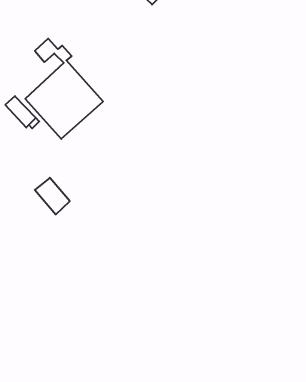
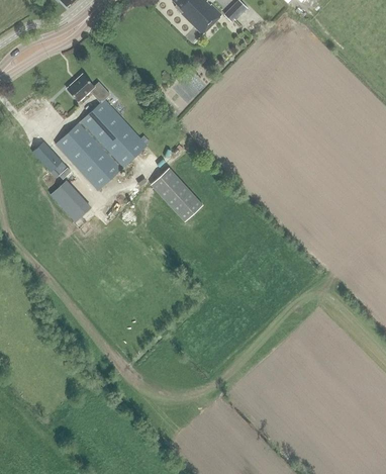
building: none -> [150,167,202,221]
building: [35,178,70,214] -> [54,178,94,220]

